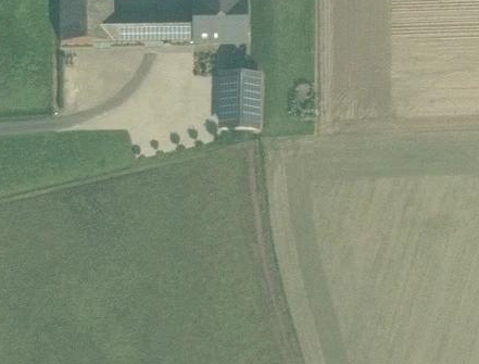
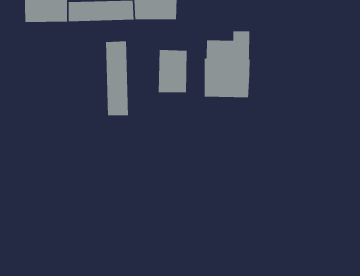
building: none -> [204,31,250,98]
building: none -> [106,40,128,116]

